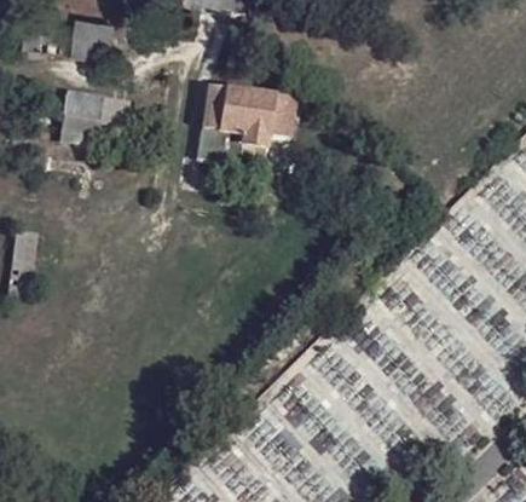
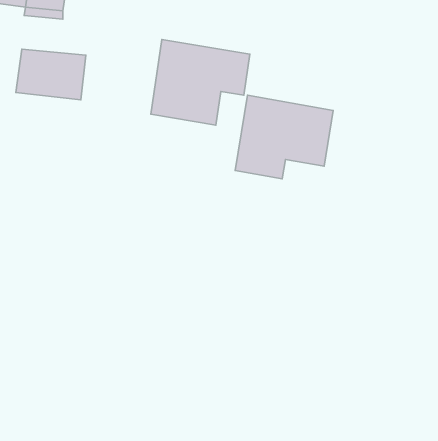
building: none -> [235,95,333,179]

